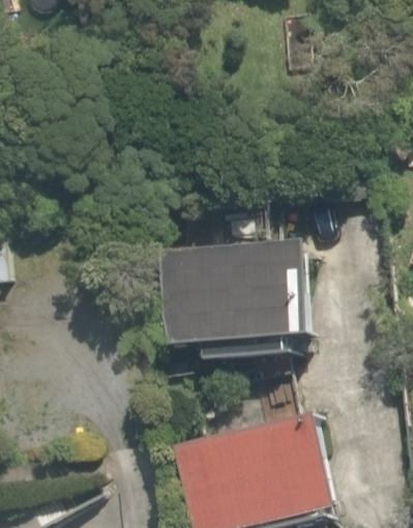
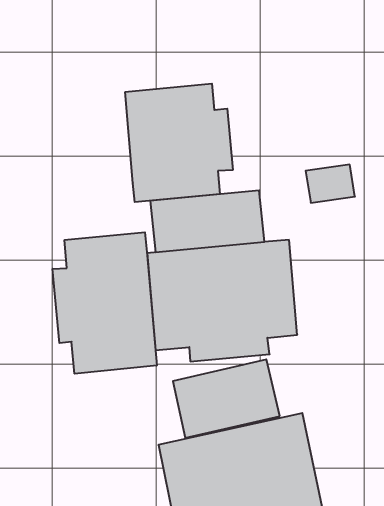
building: none -> [125,84,233,202]
building: none -> [53,232,157,374]

